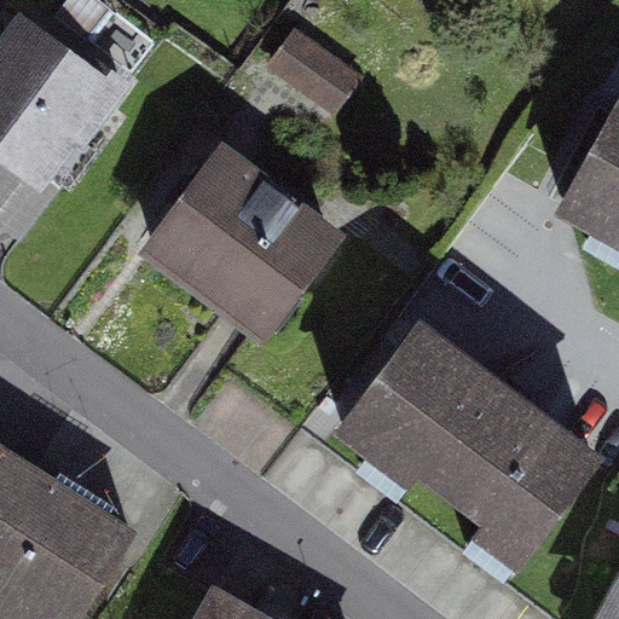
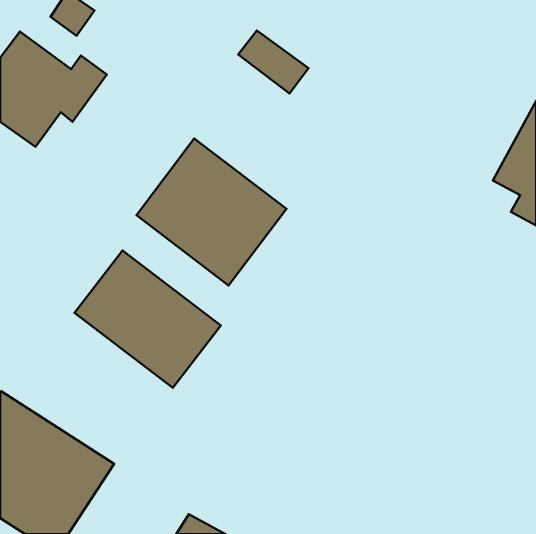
building: none -> [75,251,221,388]
building: [347,332,594,546] -> none

